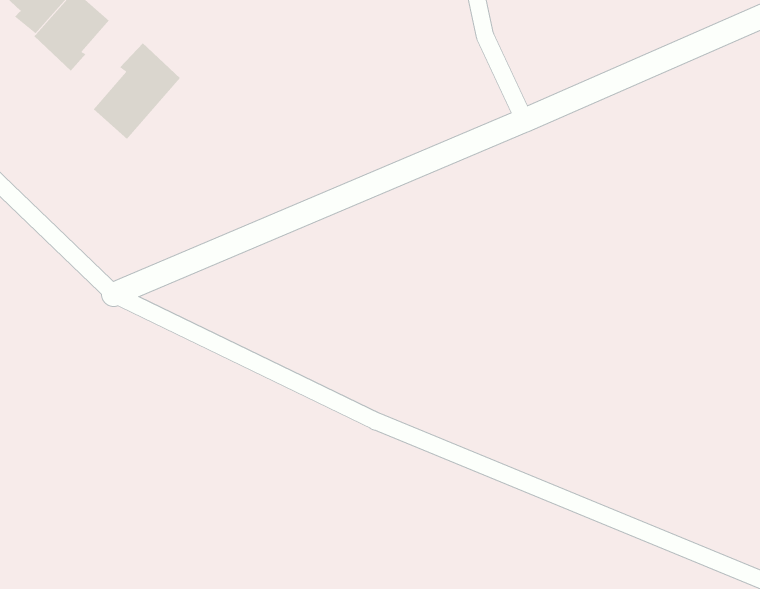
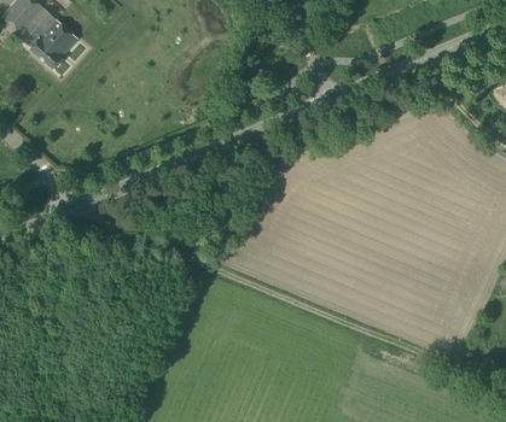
building: [93,43,181,140] -> none

